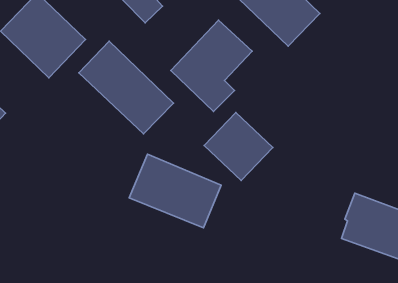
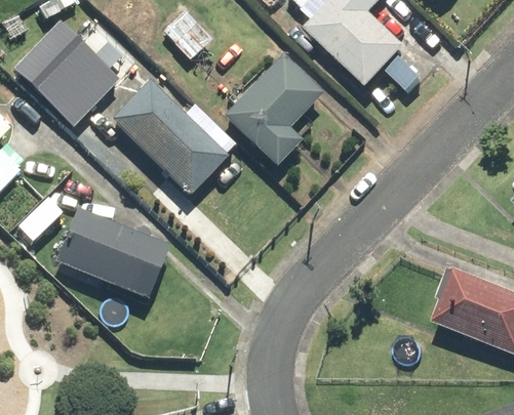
building: [204,112,273,180] -> none
building: [129,154,221,228] -> [55,208,168,298]

